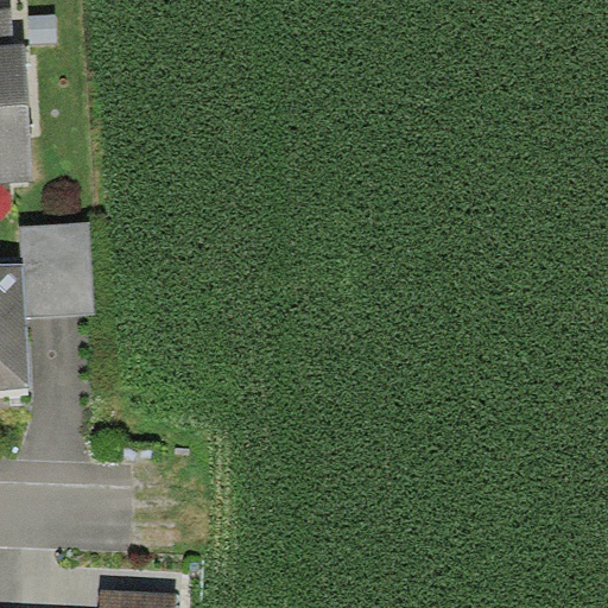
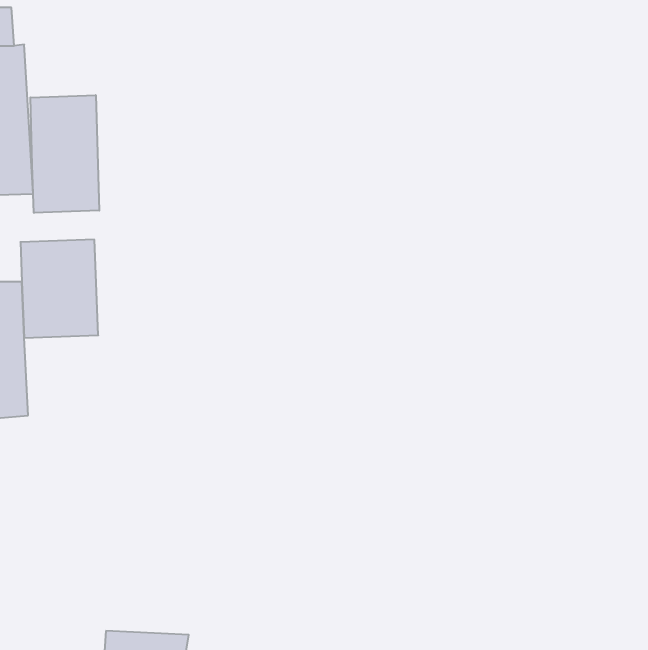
building: none -> [30,95,99,213]

